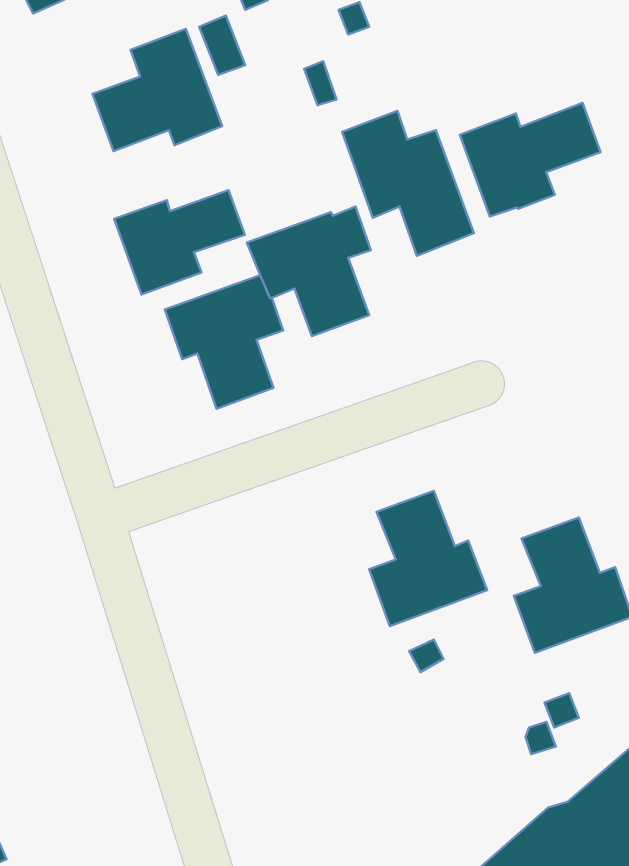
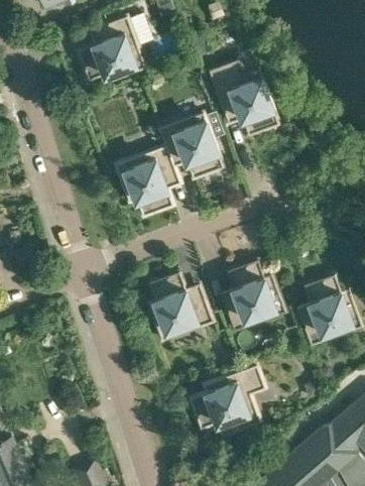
building: [460,103,600,216] -> none
building: [114,190,245,295] -> none
building: none -> [148,272,213,341]
building: none -> [190,365,265,434]

